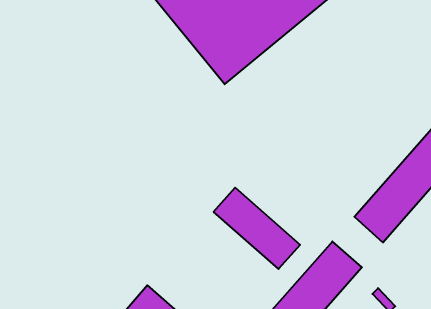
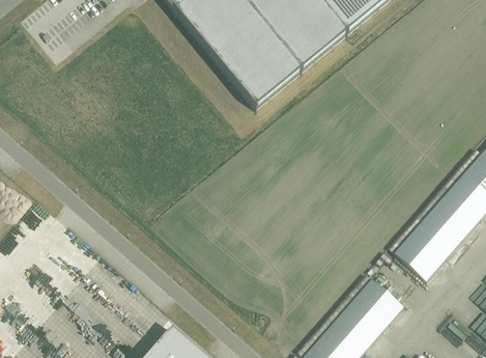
building: [214,188,300,269] -> none

